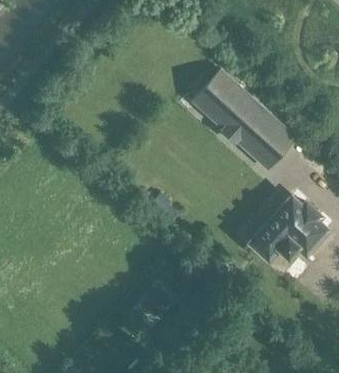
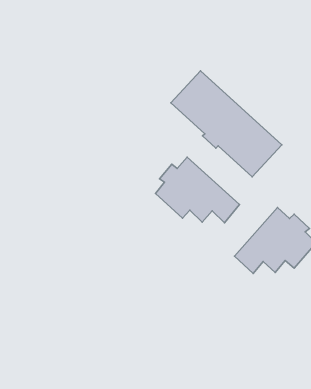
building: none -> [156,157,240,223]

